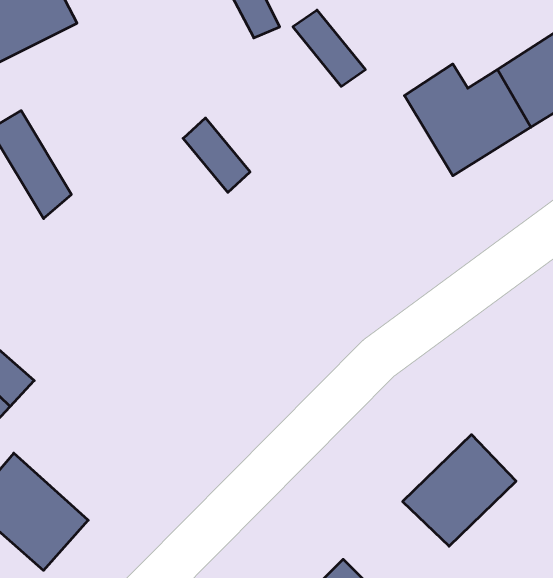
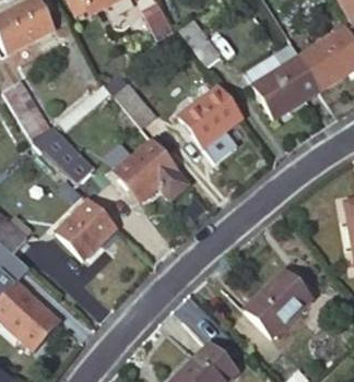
building: none -> [180,85,243,146]
building: none -> [34,127,94,186]
building: none -> [115,140,189,201]
building: none -> [57,199,117,259]

